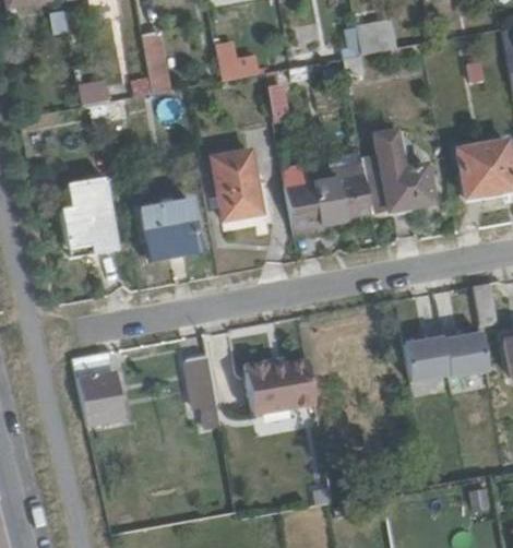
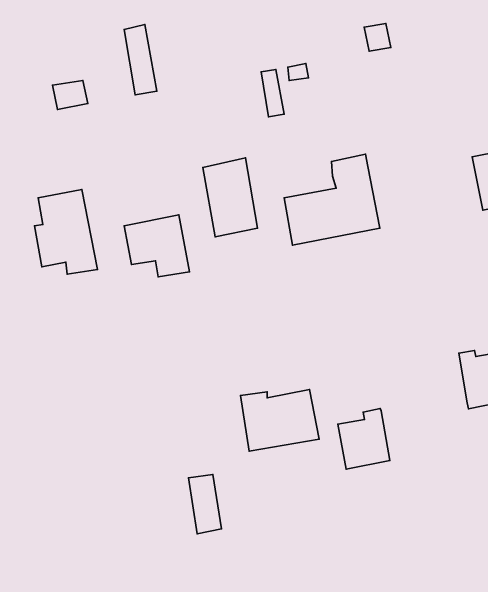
building: [216,37,262,78] -> none
building: [361,129,432,214] -> none
building: [404,324,451,379] -> [338,408,390,469]
building: [71,352,123,425] -> none
building: [188,356,217,409] -> [189,474,221,534]

